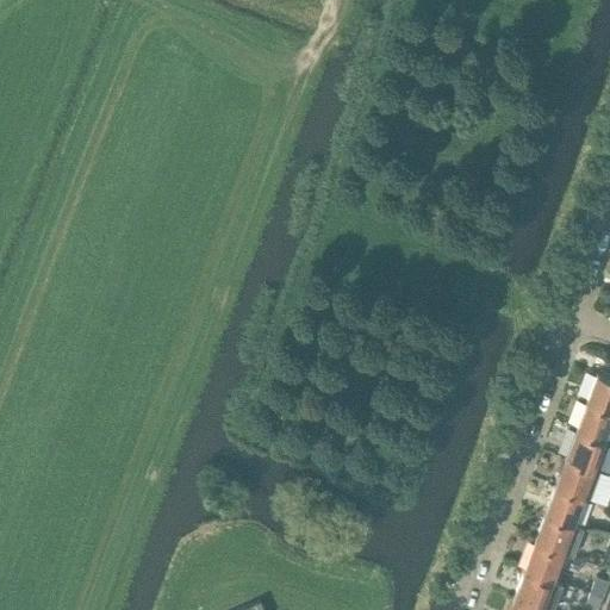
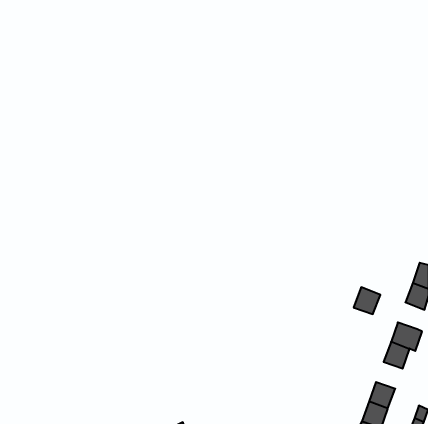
building: [566,436,604,474] -> [354,287,380,314]
building: [535,521,573,559] -> none

